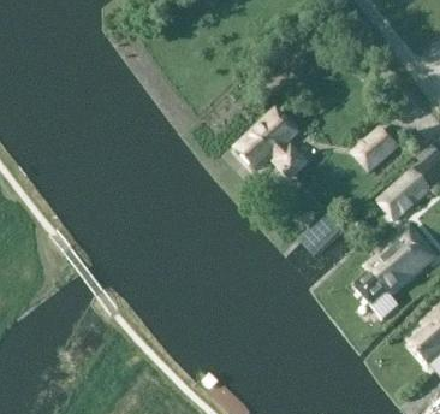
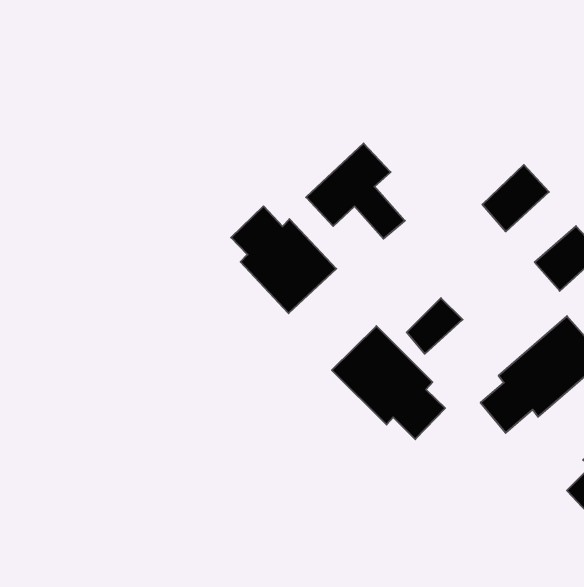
building: none -> [231,206,336,313]
building: none -> [332,326,445,439]

